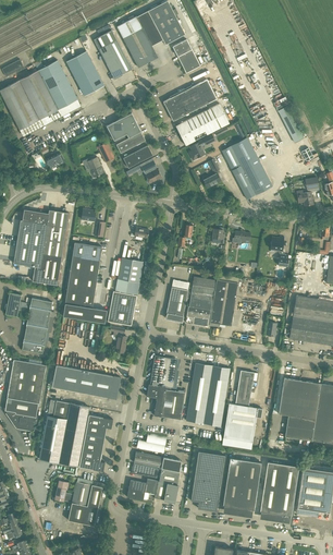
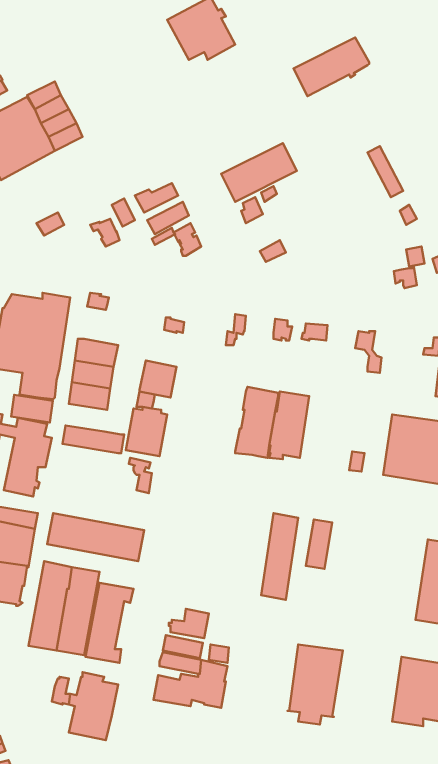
building: [116,16,158,68] -> none
building: [94,29,132,80] -> none
building: [173,39,200,73] -> none
building: [66,51,104,96] -> none
building: [163,80,217,121] -> [294,38,369,96]
building: [107,112,140,140] -> none
building: [222,137,272,198] -> none
building: [165,287,188,322] -> none
building: [65,288,95,307] -> [11,395,53,423]
building: [147,355,185,420] -> none
building: [186,363,212,423] -> none
building: [279,378,321,441] -> none
building: [222,403,262,448] -> none
building: [190,451,225,510] -> none
building: [259,461,298,521] -> none

